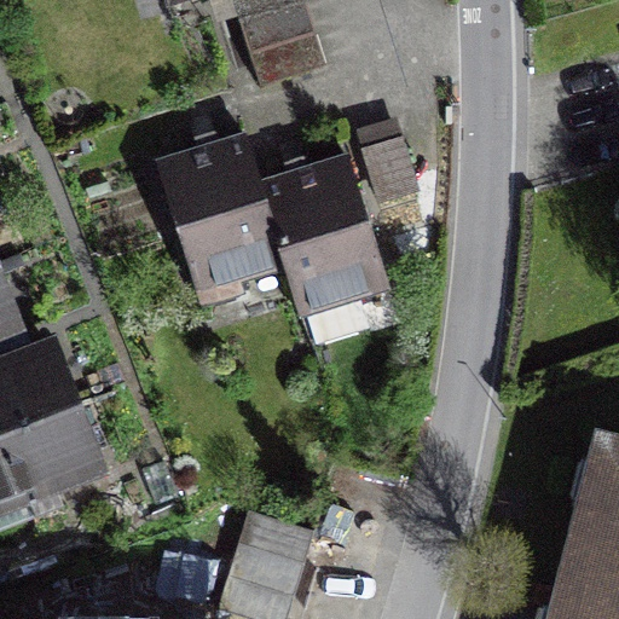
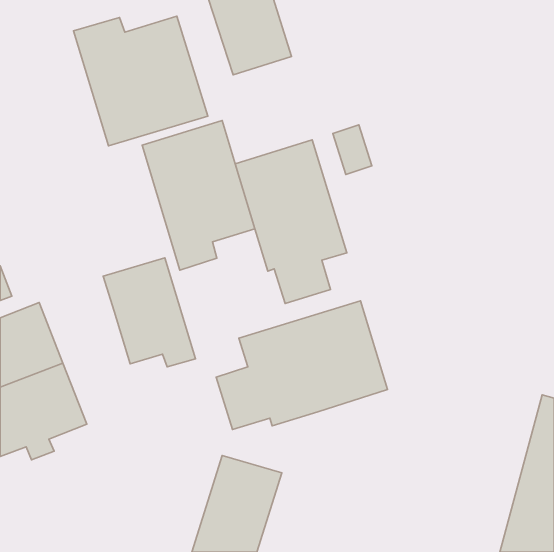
building: none -> [74,16,208,146]
building: none -> [103,258,196,367]
building: none -> [216,301,388,430]

